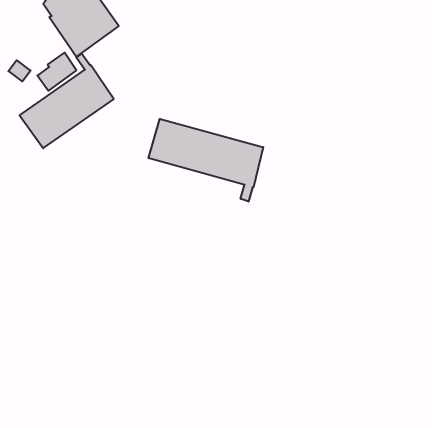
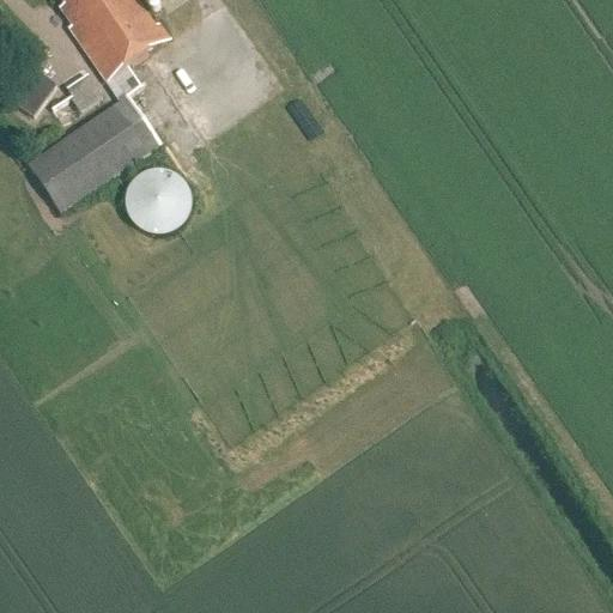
building: none -> [123,168,190,233]
building: [149,119,263,202] -> none

